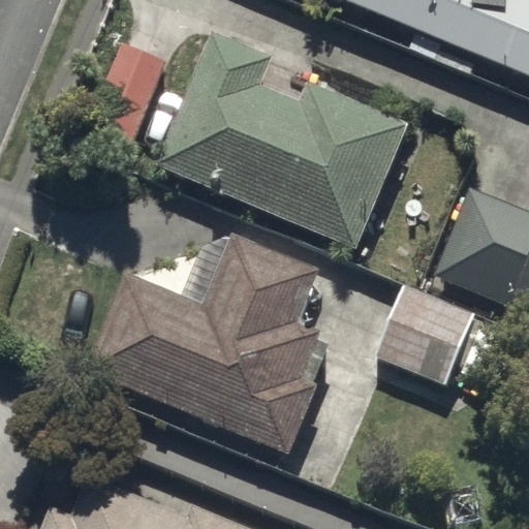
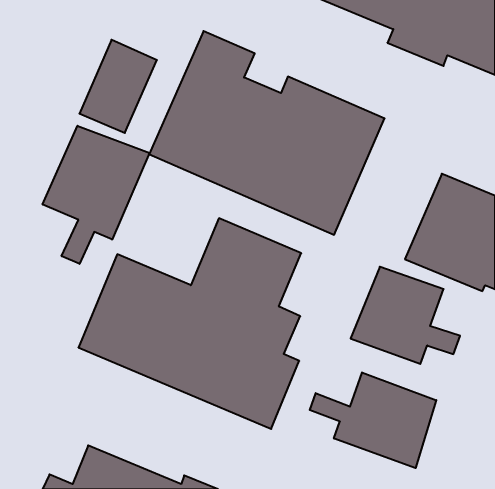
building: none -> [43,126,150,264]
building: none -> [310,372,436,468]

